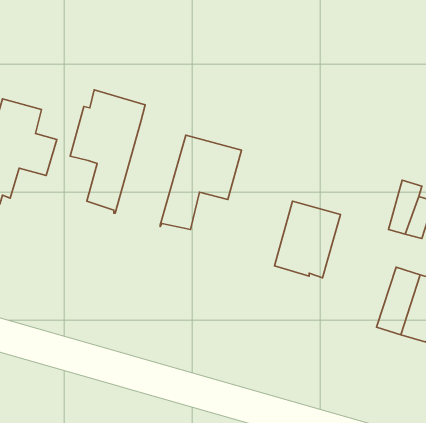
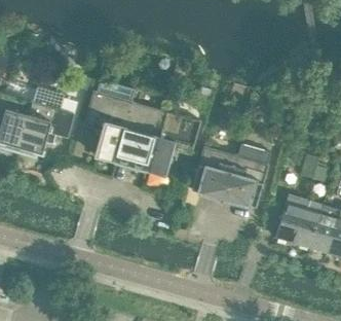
building: none -> [114,101,162,172]
building: none -> [191,146,235,200]
building: none -> [275,195,306,242]

